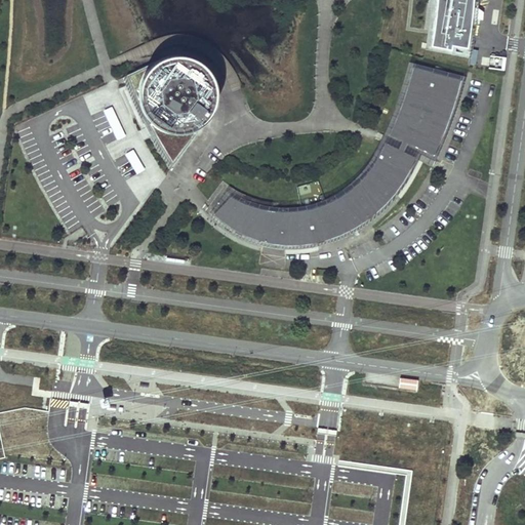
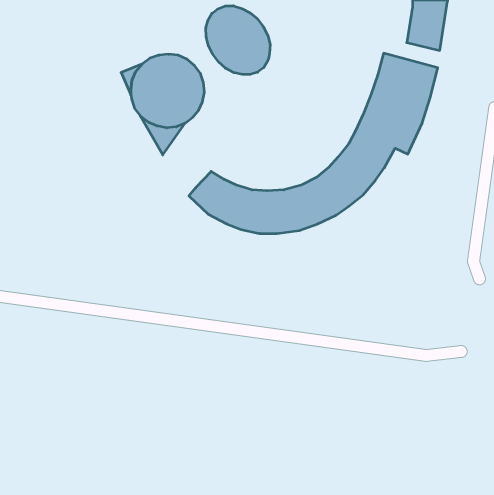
building: none -> [206,6,270,74]

